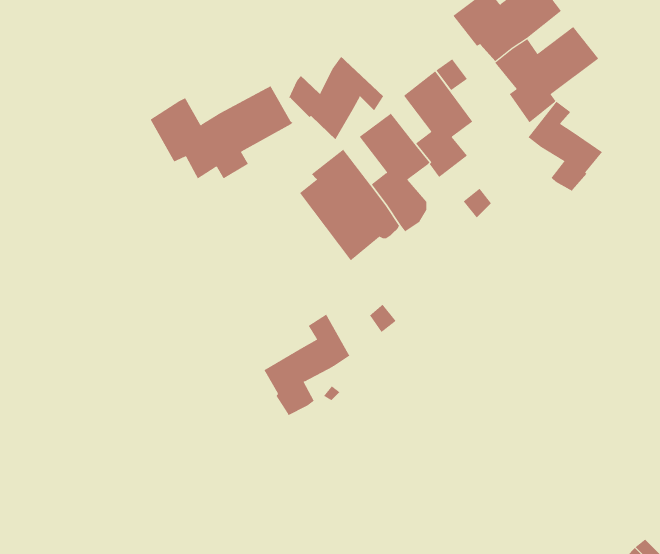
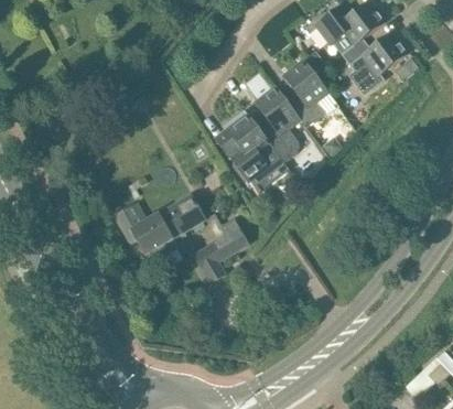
building: [289,55,384,140] -> none
building: [150,85,293,179] -> [114,194,206,255]
building: [527,101,603,192] -> none

